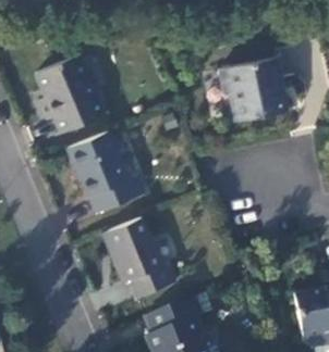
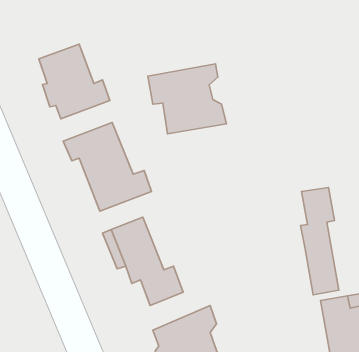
building: [219,59,289,121] -> [148,64,226,134]
building: none -> [301,187,339,295]

